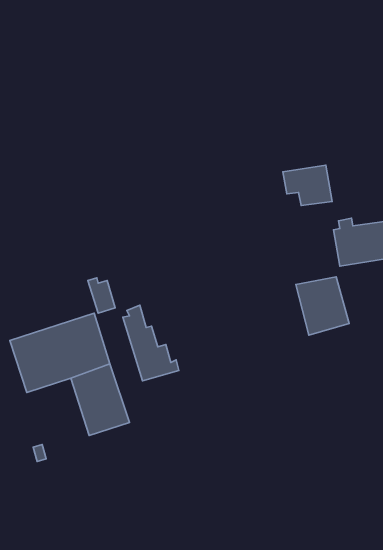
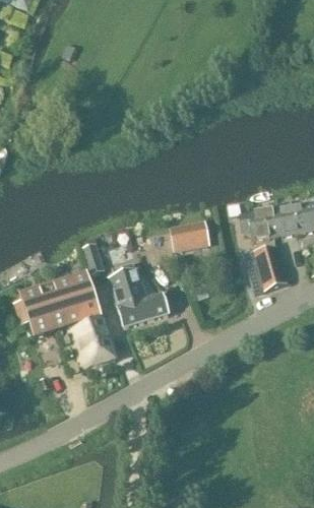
building: [283,165,332,206] -> [241,207,279,239]
building: none -> [170,220,208,248]
building: none -> [123,263,169,317]

